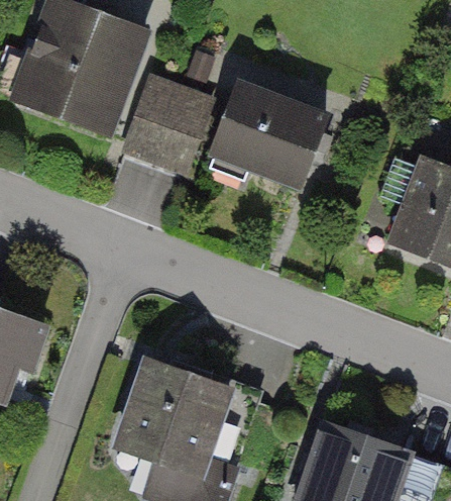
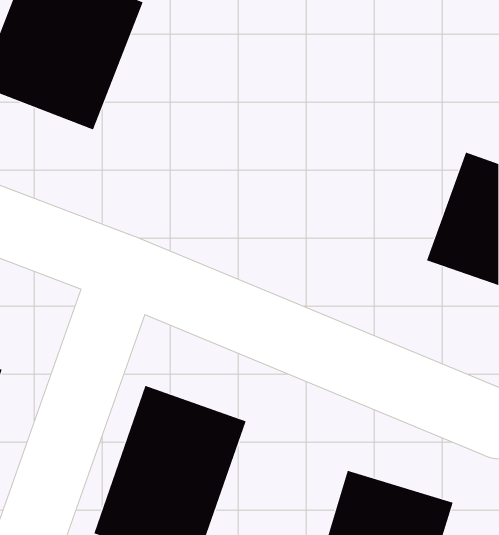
building: [119,74,220,181] -> none
building: [210,77,332,183] -> none

